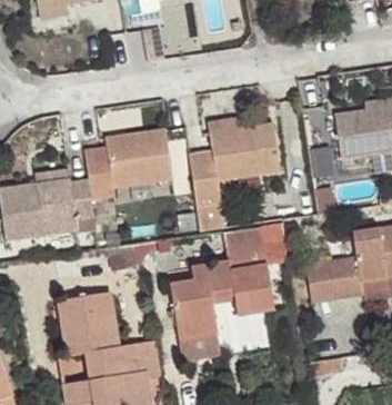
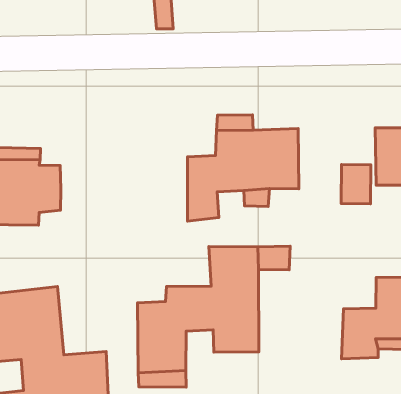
building: [84,128,173,200] -> none
building: [306,261,335,305] -> none

